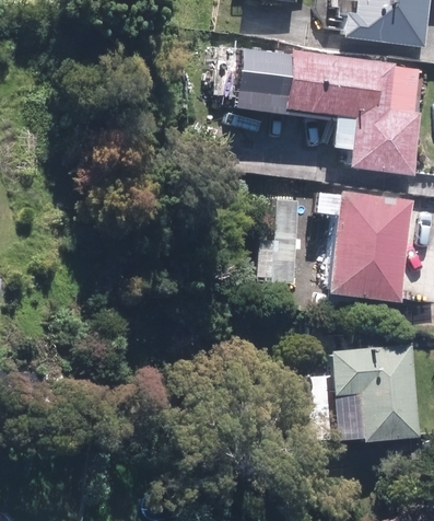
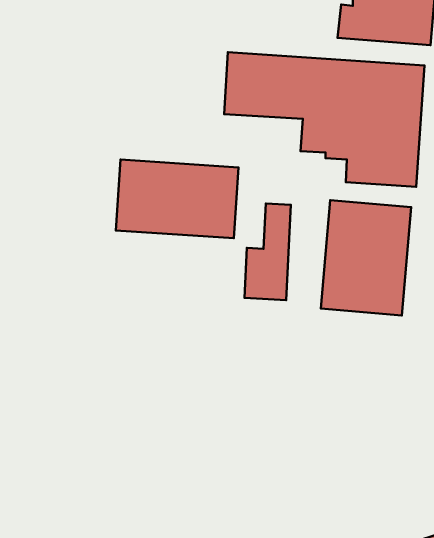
building: none -> [116,160,239,238]
building: [308,343,420,436] -> none

